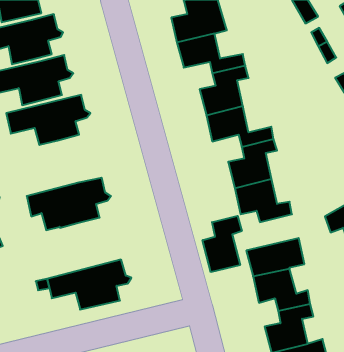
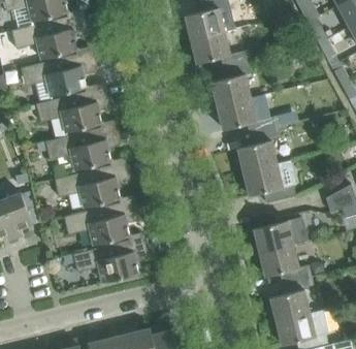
building: none -> [35,125,121,170]
building: [203,216,242,272] -> none
building: none -> [63,200,139,246]

